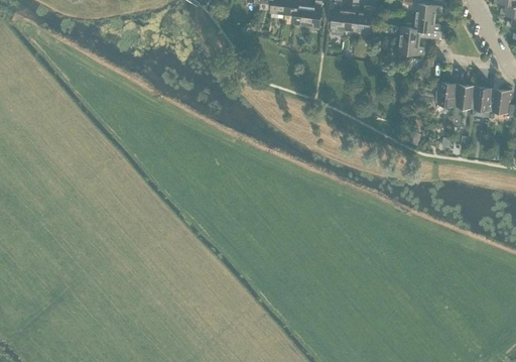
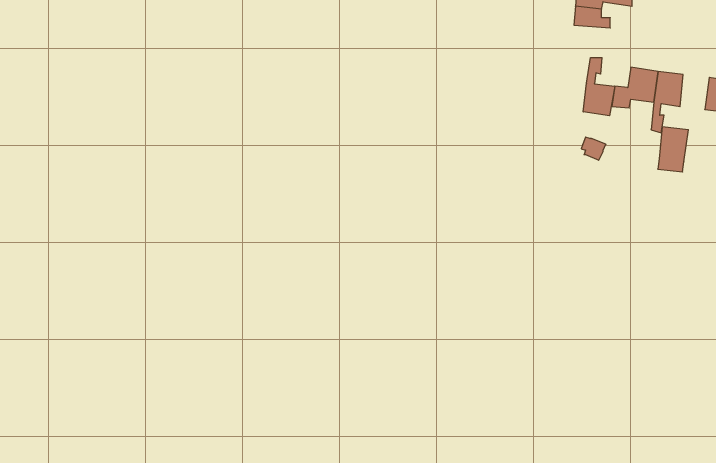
building: none -> [583,58,615,116]
building: [472,87,493,118] -> [658,127,688,172]

